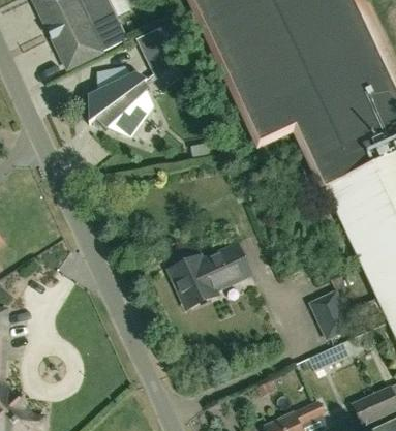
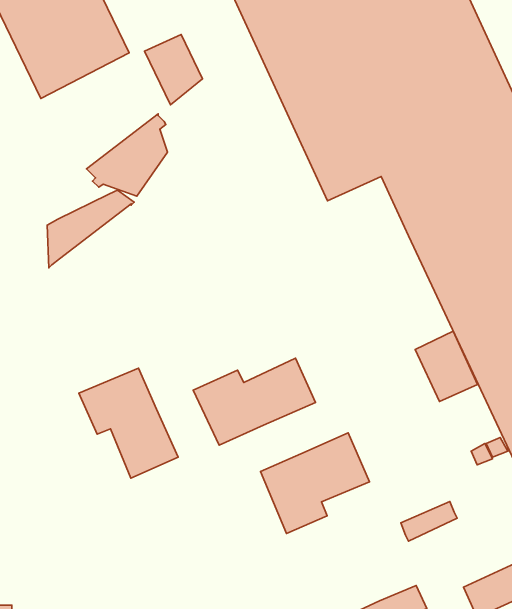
building: [88,71,147,124] -> [47,190,134,268]
building: none -> [79,368,178,478]
building: [309,288,352,336] -> [415,331,478,401]
building: none -> [261,433,370,533]

